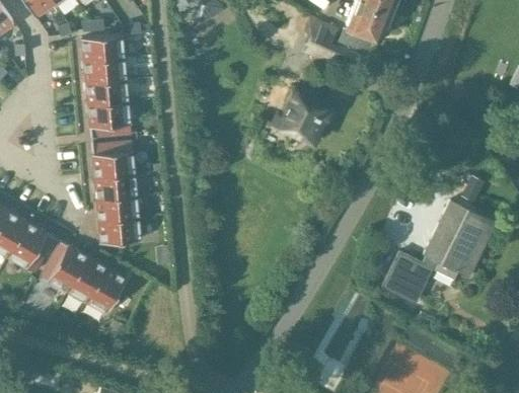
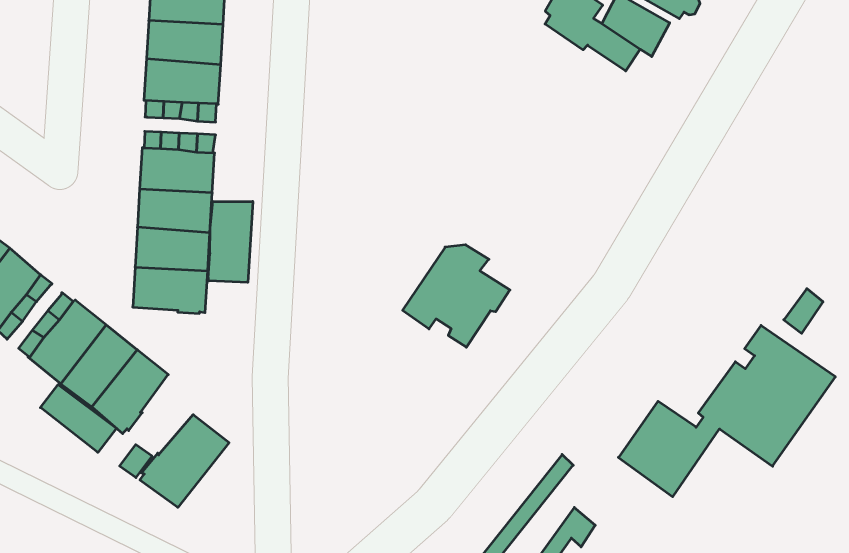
building: [275,83,332,140] -> [403,245,510,347]
building: none -> [208,201,253,282]
building: none -> [40,385,117,452]
building: none -> [140,415,229,507]

